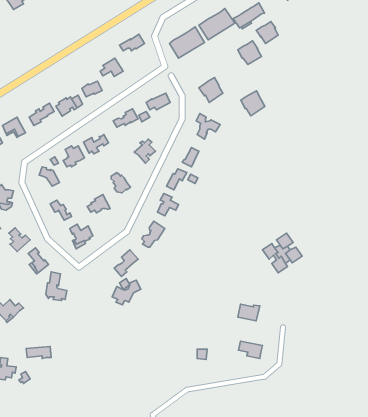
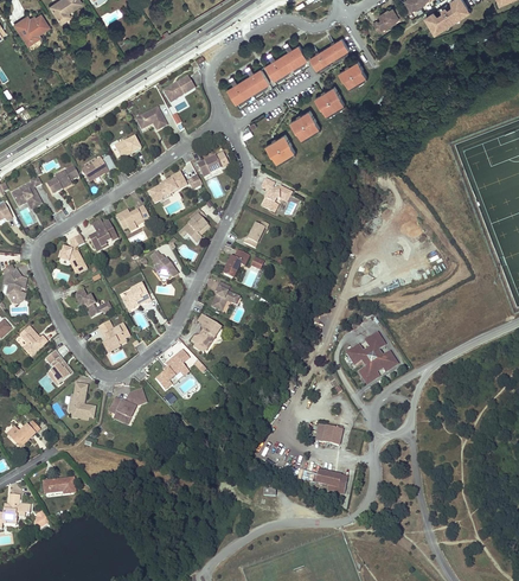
building: [241,91,265,116] -> [289,108,320,140]
building: [112,280,141,305] -> [109,389,146,421]

